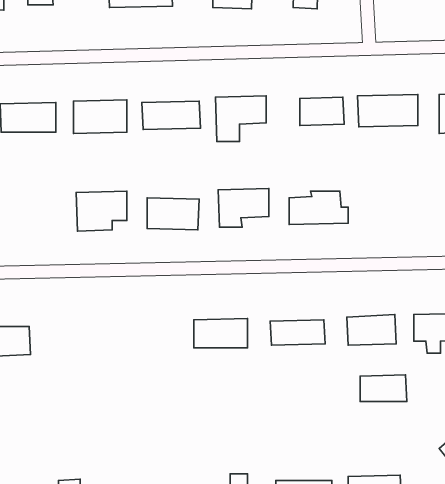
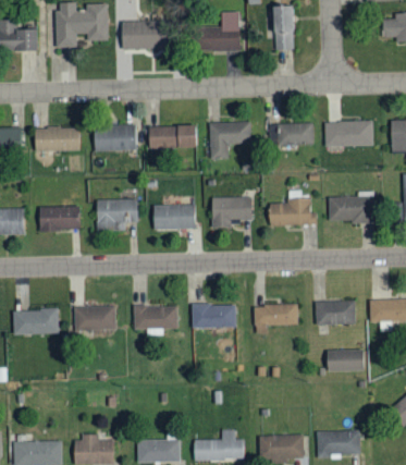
building: none -> [329,192,376,223]
building: none -> [39,207,79,231]
building: none -> [74,305,116,330]
building: none -> [134,305,177,328]

